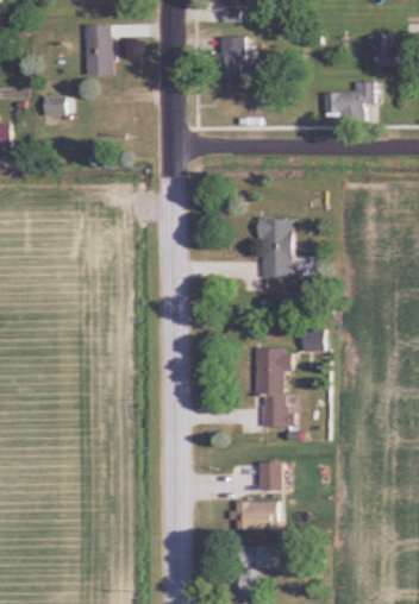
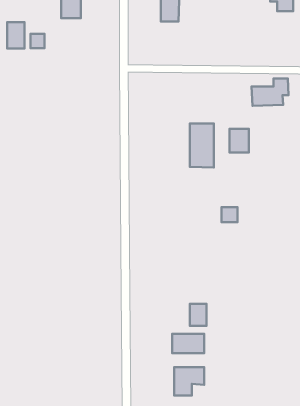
building: none -> [7,22,25,49]
building: [324,82,374,119] -> [252,79,289,106]
building: none -> [229,129,249,152]
building: [256,348,292,426] -> none

